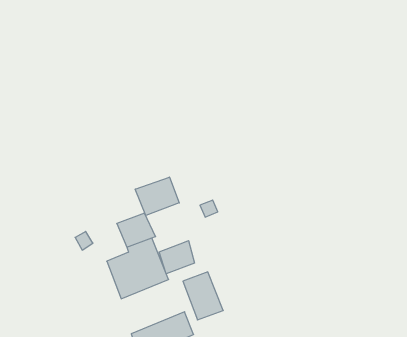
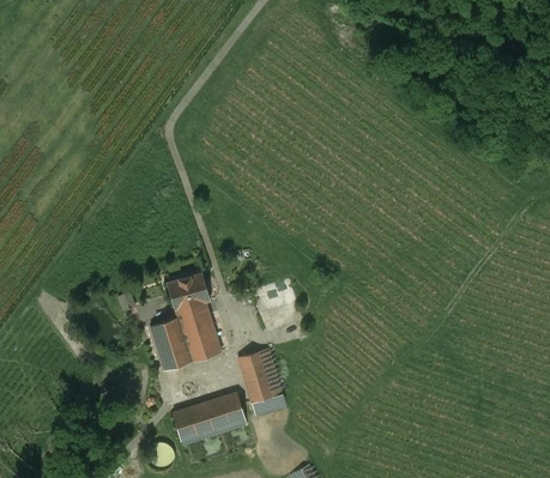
building: [135,177,179,216] -> none
building: [159,241,195,274] -> none

